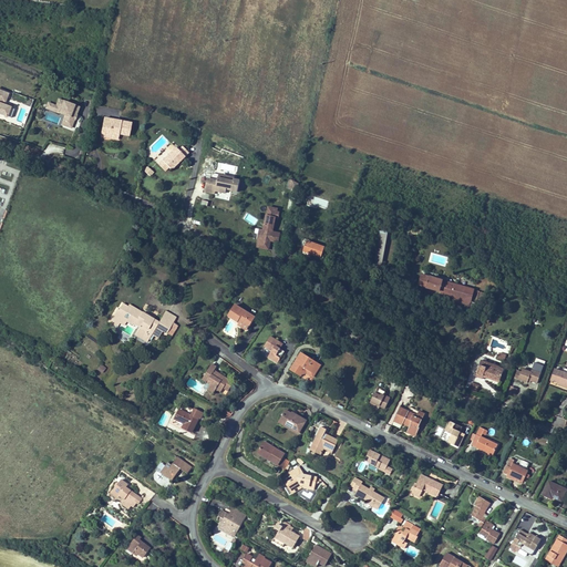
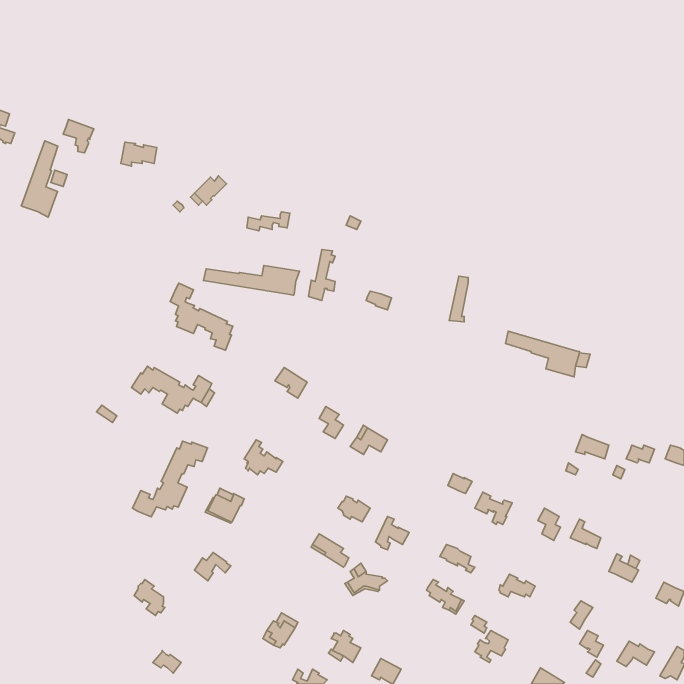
building: none -> [21,141,58,217]
building: none -> [204,265,300,295]
building: none -> [170,283,233,350]
building: none -> [132,441,207,517]

